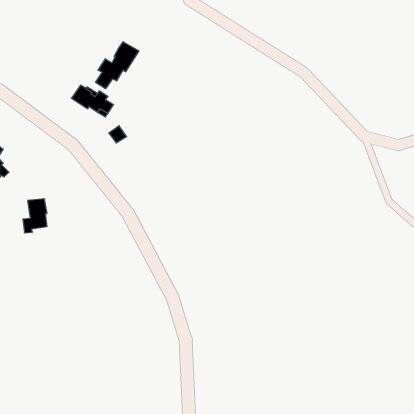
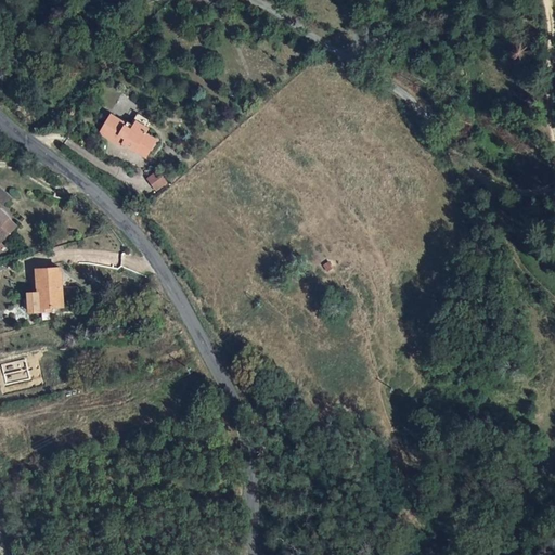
building: [96,42,139,89] -> none

